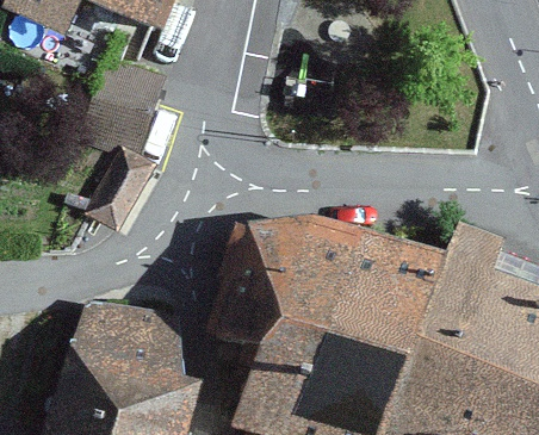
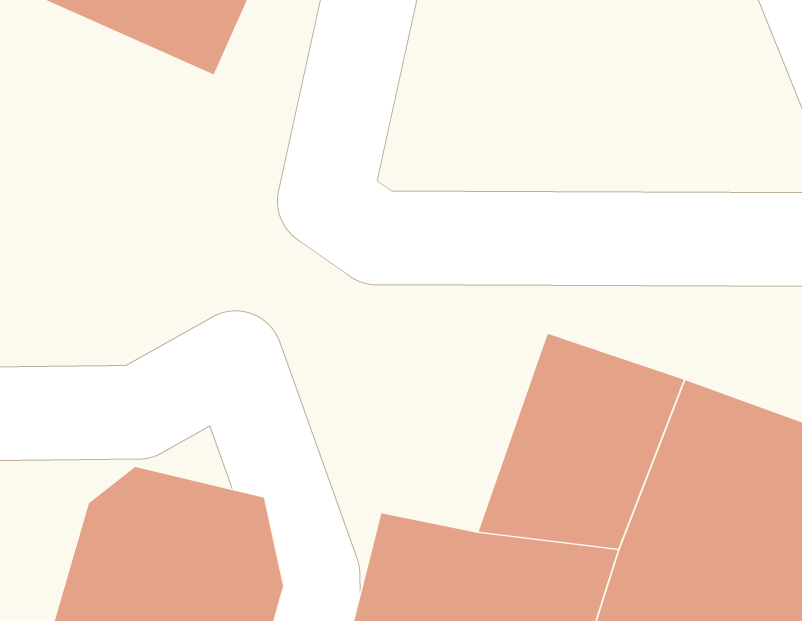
building: [211,210,358,348] -> none

